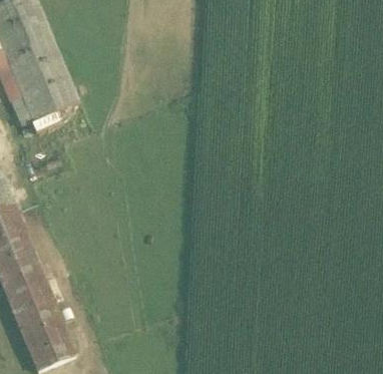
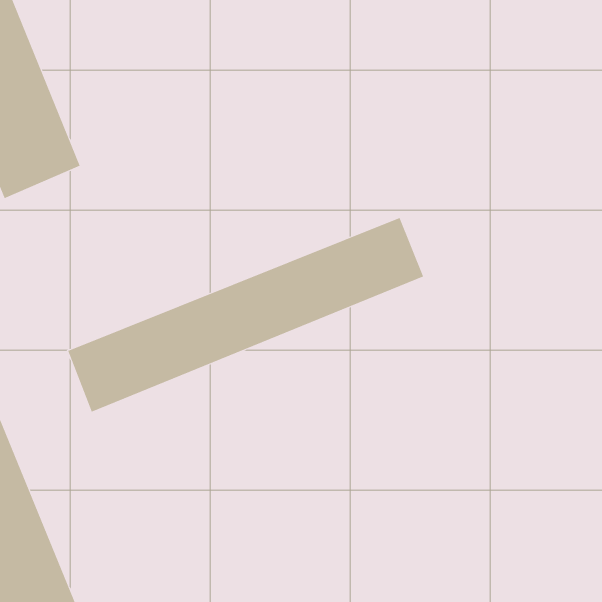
building: none -> [67,217,424,412]

